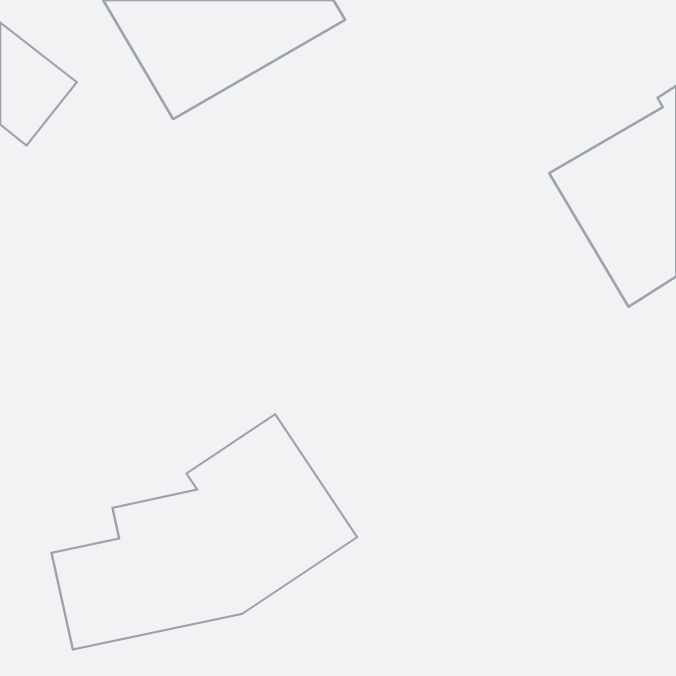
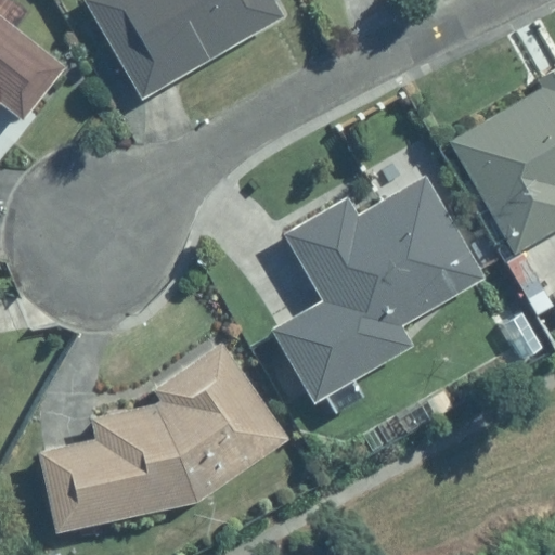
building: none -> [276,177,483,398]

